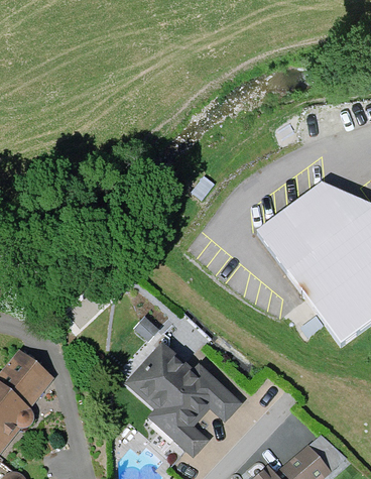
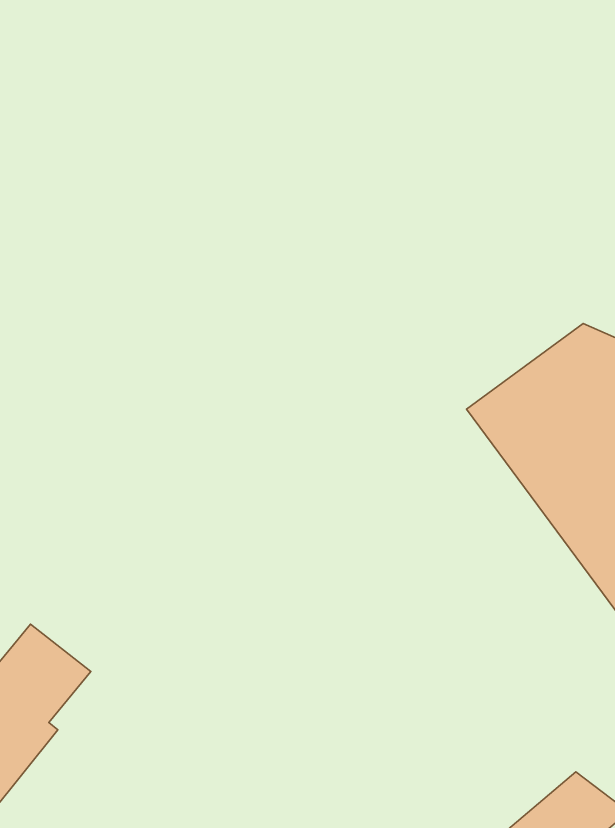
building: [121,339,241,456] -> none

